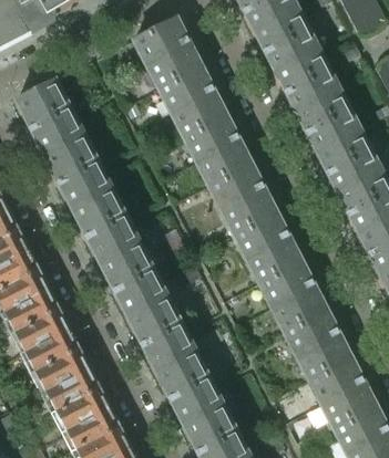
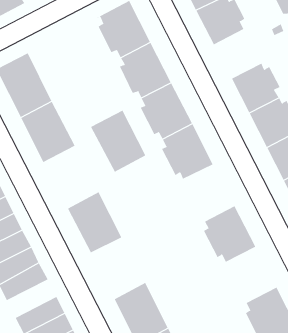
building: [275,51,334,110] -> none
building: [72,189,139,263] -> [90,110,146,172]
building: [237,211,300,279] -> none
building: [129,298,194,371] -> none
building: [287,309,350,375] -> none
building: [29,347,89,393] -> none

